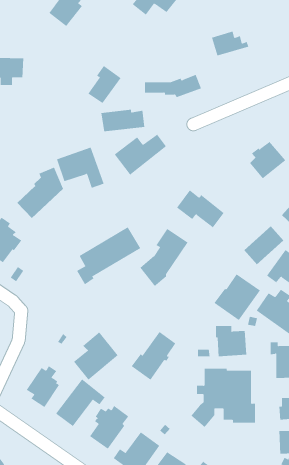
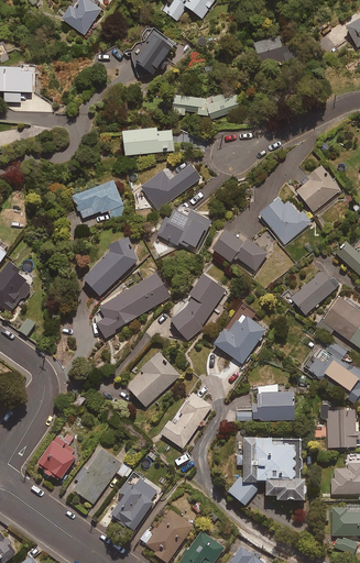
building: [88,65,122,104] -> [138,33,177,78]
building: none -> [156,200,212,251]
building: [17,167,64,219] -> [83,233,138,294]
building: none -> [260,202,310,246]
building: [213,274,261,321] -> [212,308,268,363]
building: [73,332,118,381] -> [128,349,181,406]

